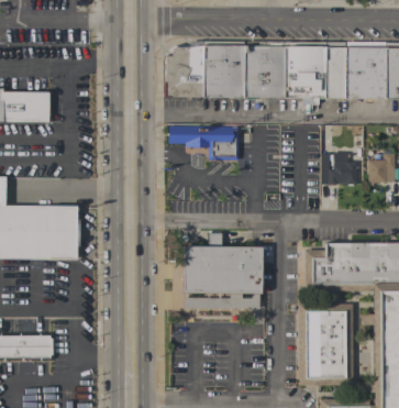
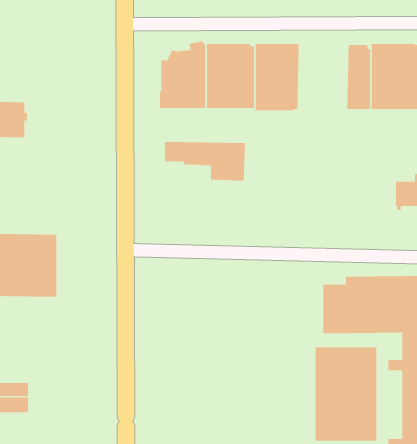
building: [285,43,328,99] -> none
building: [321,153,357,186] -> none
building: [182,233,263,309] -> none

